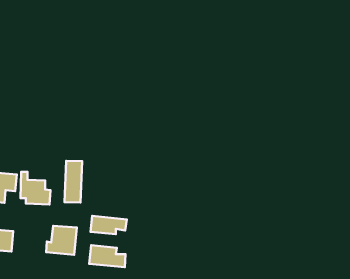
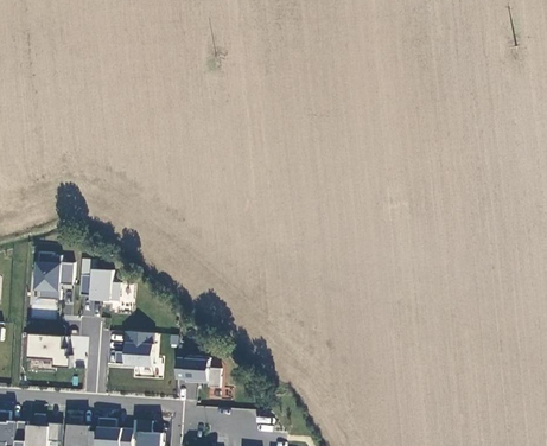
building: [65,161,82,203] -> none
building: [91,216,127,234] -> none

